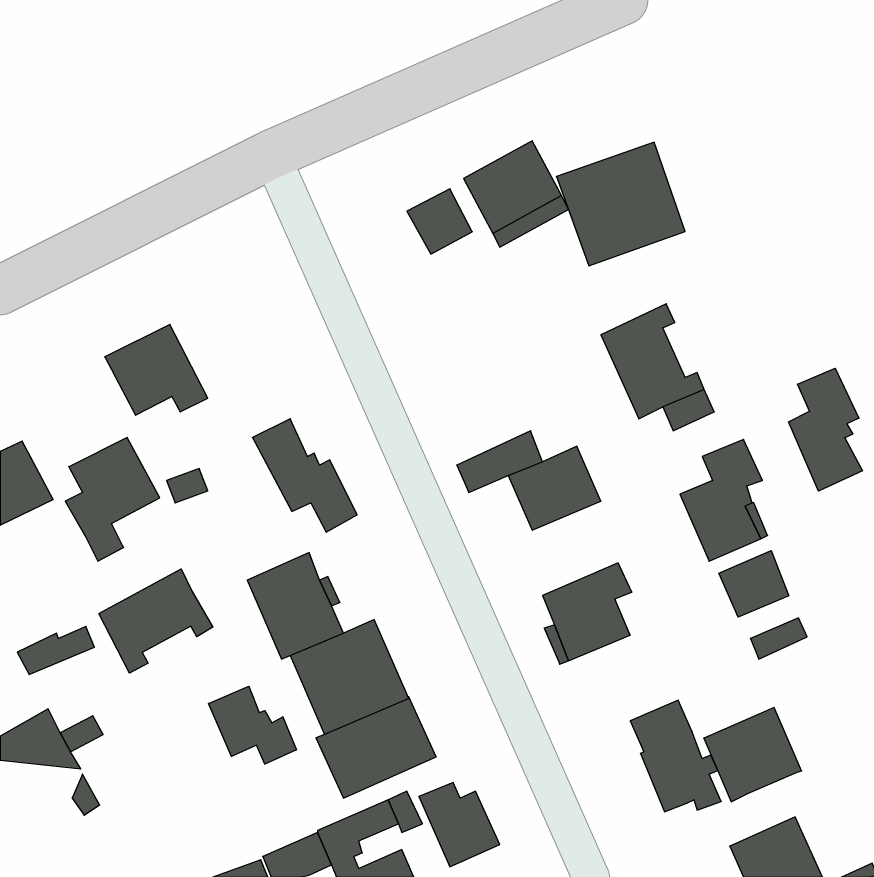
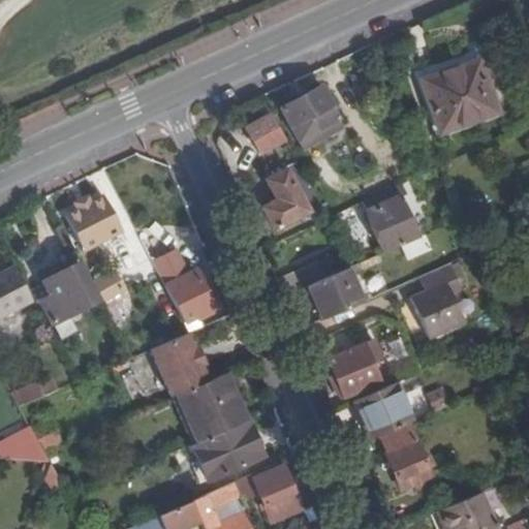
building: [556,142,685,266] -> [422,59,499,133]
building: none -> [263,162,322,229]
building: [788,368,863,491] -> none
building: [719,551,789,617] -> none
building: [99,569,213,673] -> none
building: [209,686,296,764] -> none
building: [704,707,802,802] -> [354,382,413,439]

